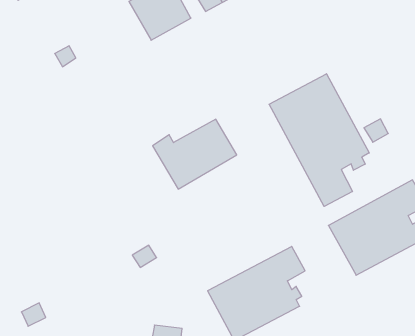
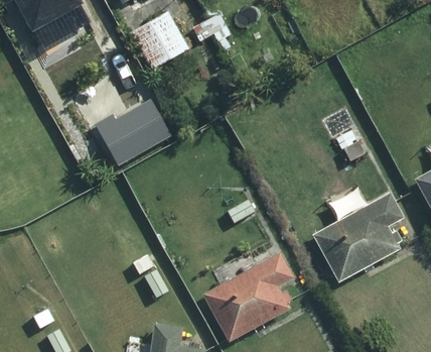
building: [269,74,369,206] -> none
building: [153,119,237,189] -> [97,101,173,164]

